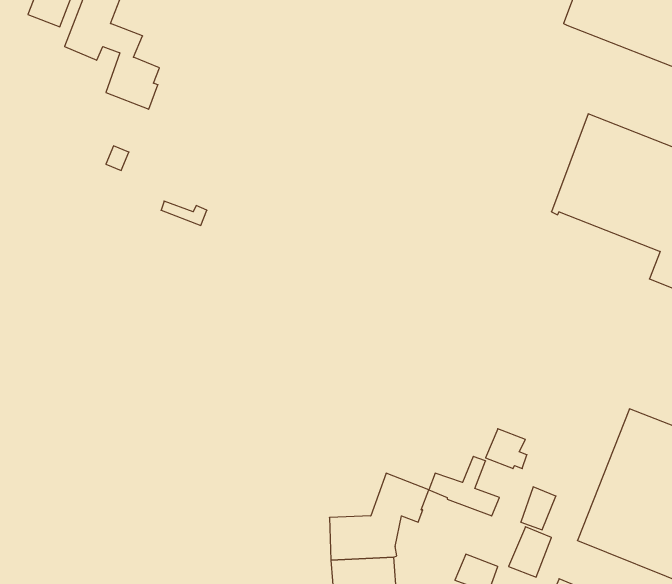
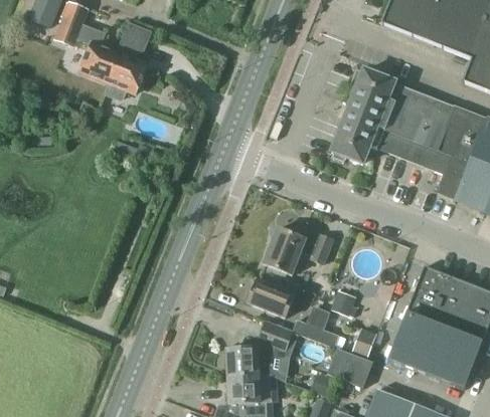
building: none -> [104,22,149,101]
building: none -> [333,68,397,162]
building: none -> [264,222,333,276]
building: none -> [247,276,296,319]
building: none -> [327,347,356,380]

